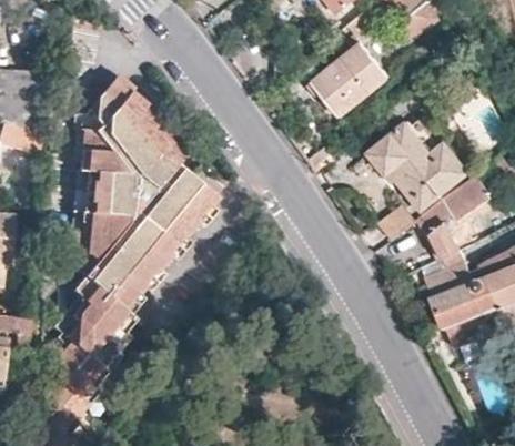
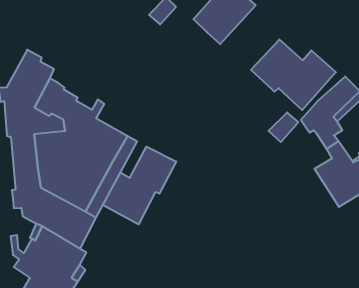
building: none -> [103,147,176,224]

